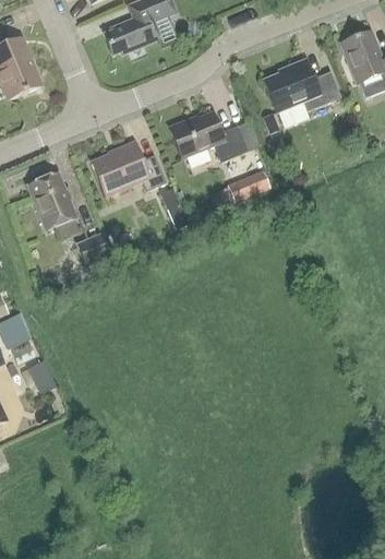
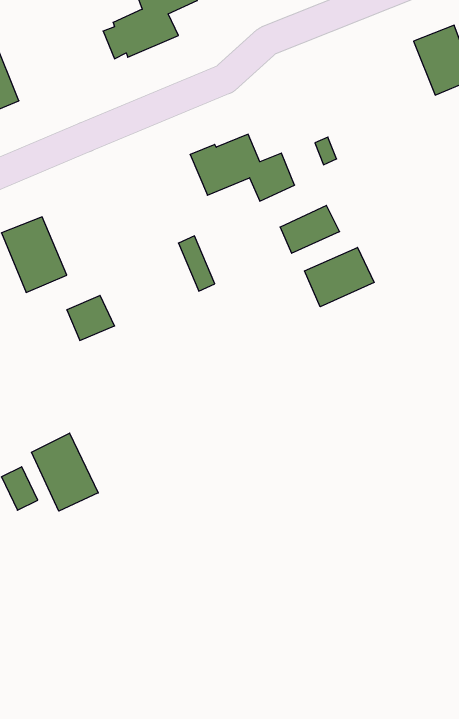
building: [261,57,338,109] -> none
building: [93,140,168,194] -> none
building: none -> [304,247,374,307]
building: none -> [31,433,98,511]

